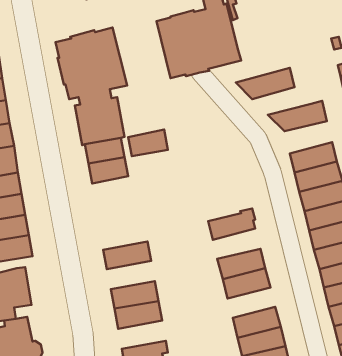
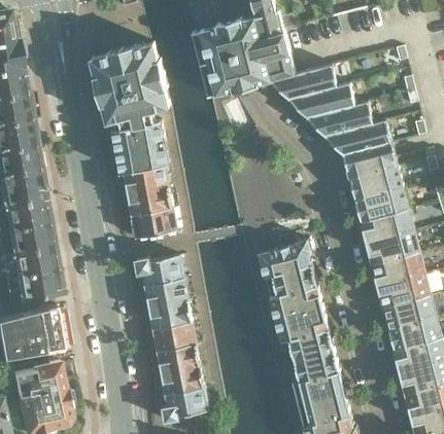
building: none -> [273,65,339,100]
building: none -> [309,102,375,136]
building: none -> [345,143,399,179]
building: [128,130,168,156] -> [130,205,174,234]
building: none -> [138,256,192,287]
building: none -> [265,263,318,297]
building: none -> [146,299,200,331]
building: none -> [281,329,335,363]
building: none -> [159,366,212,398]

